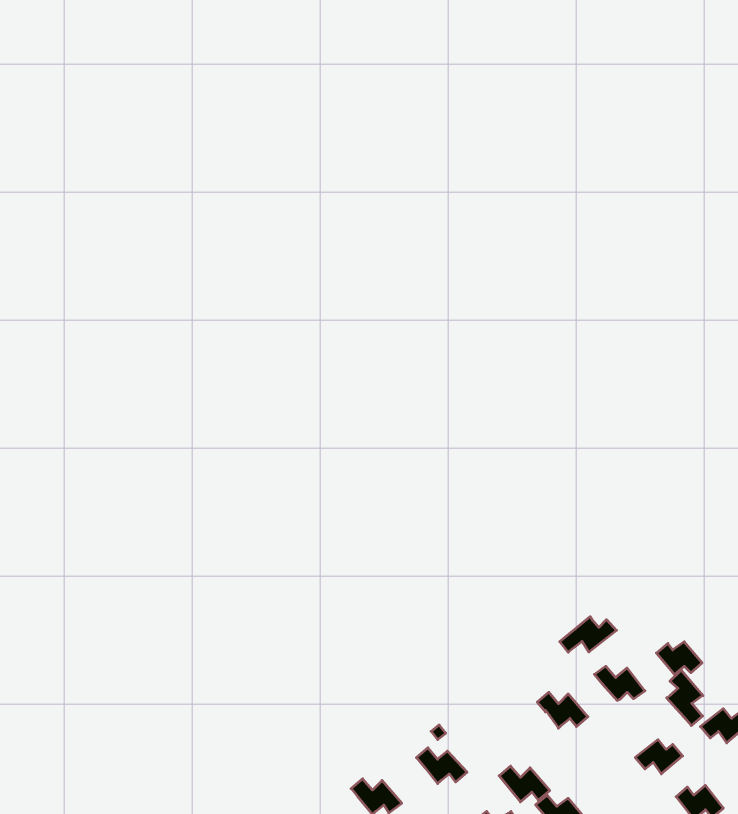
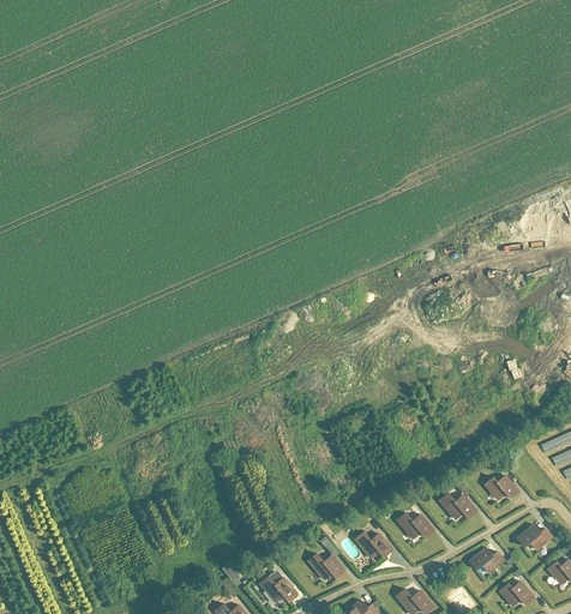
building: [560,617,617,652] -> none
building: [667,670,703,726] -> none
building: [499,766,550,802] -> [354,531,391,558]

